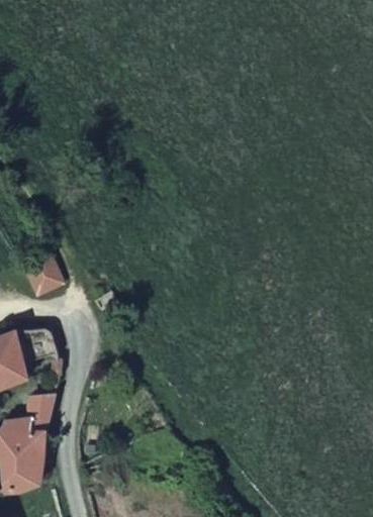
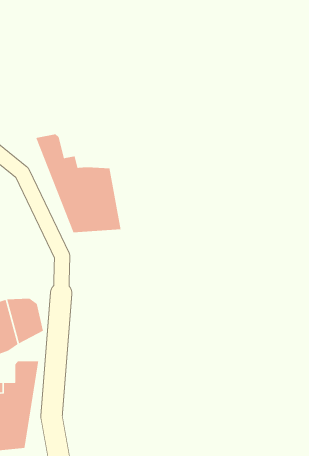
building: none -> [35,134,122,233]
building: [19,250,67,295] -> none

